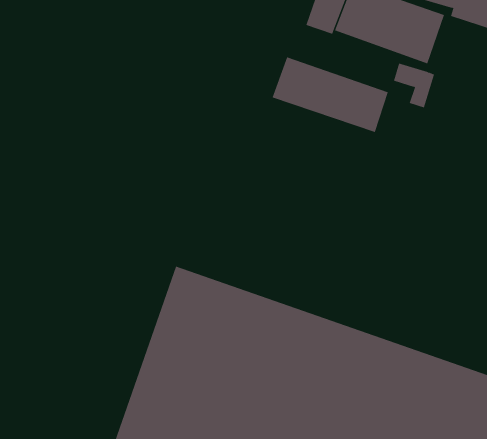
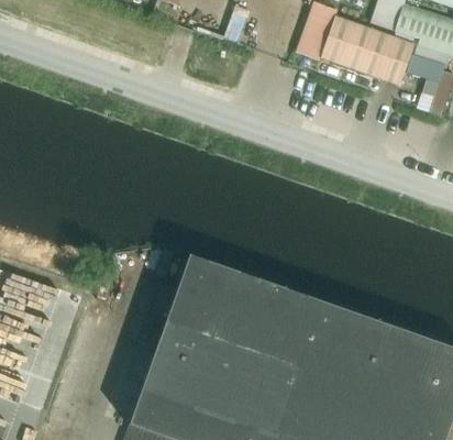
building: [272,57,388,133] -> none
building: [393,63,435,108] -> [411,58,446,97]

